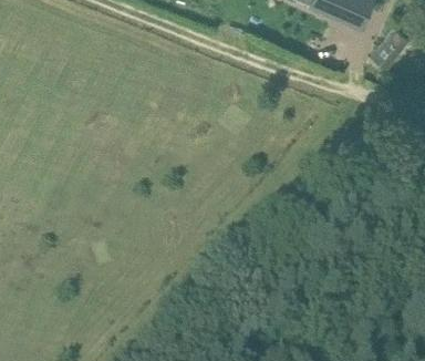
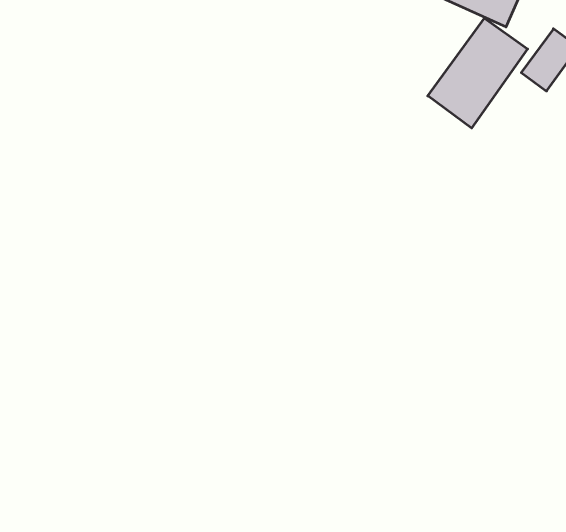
building: none -> [428,18,528,128]

